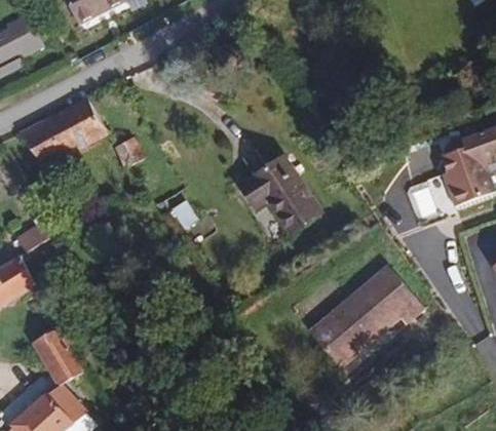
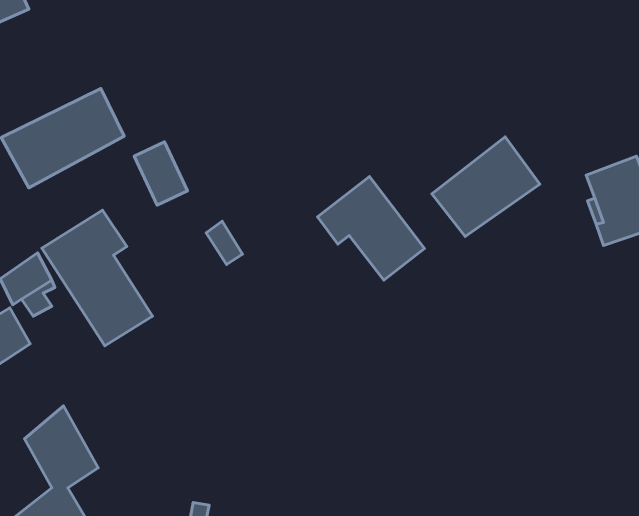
building: none -> [432,137,540,236]
building: none -> [42,210,152,346]
building: [304,261,411,359] -> none

